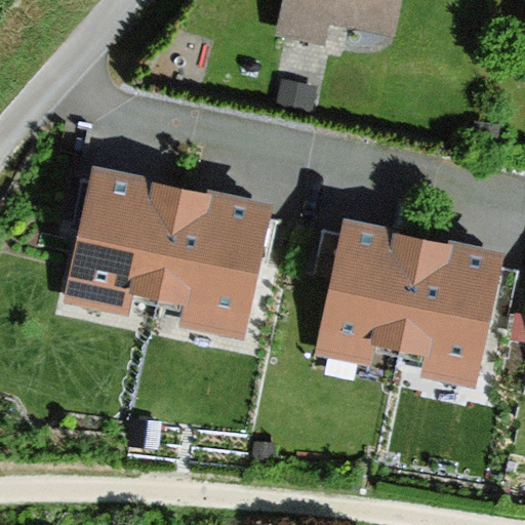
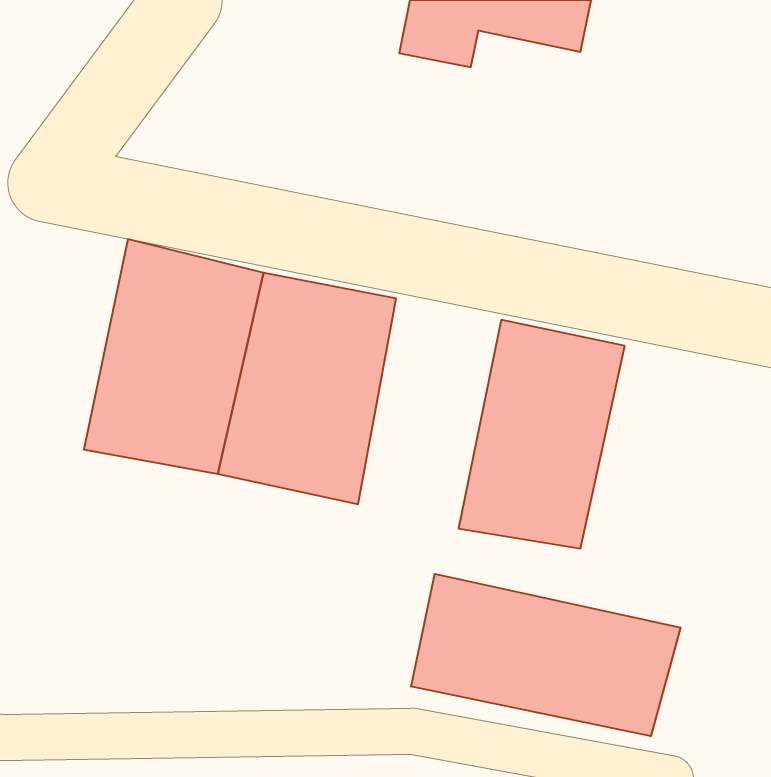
building: [396,234,501,388] -> none
building: none -> [411,574,681,736]

